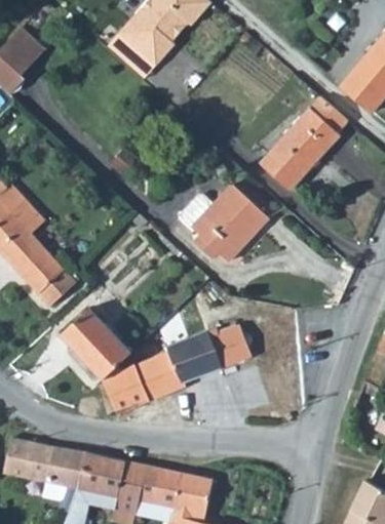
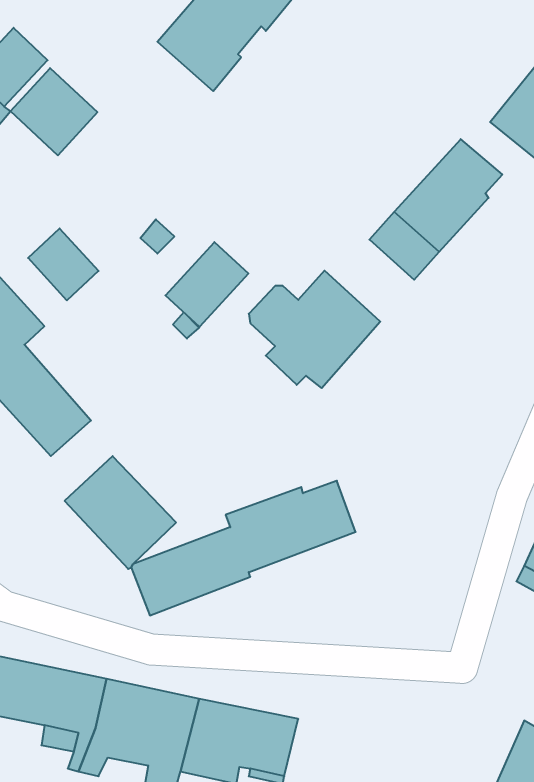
building: none -> [10,68,97,155]
building: none -> [28,228,99,300]
building: none -> [165,242,248,327]

